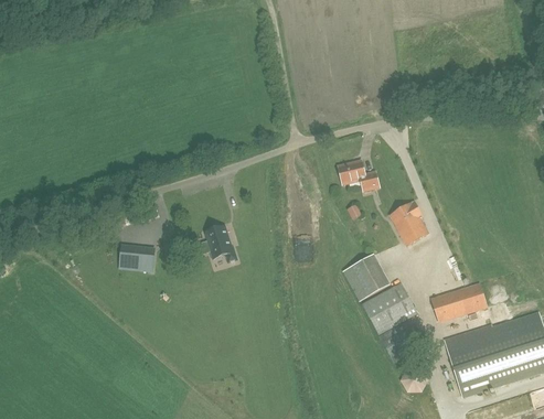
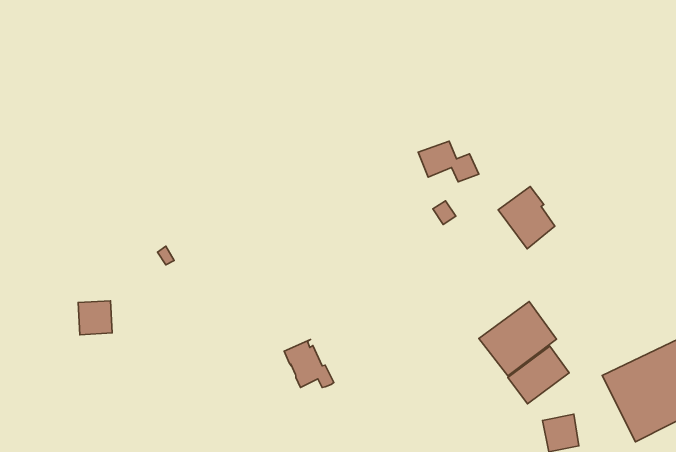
building: [205,225,237,260] -> [284,340,334,388]
building: [119,244,145,269] -> [78,301,112,335]
building: [339,253,385,299] -> none
building: [431,282,487,321] -> none

